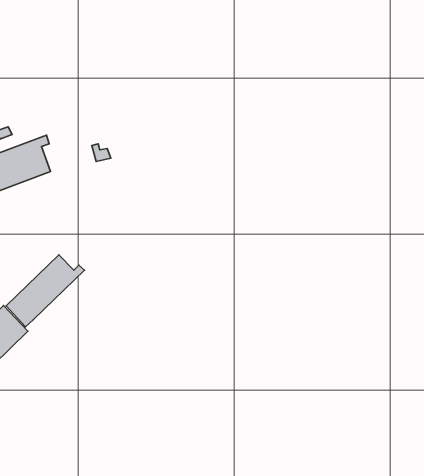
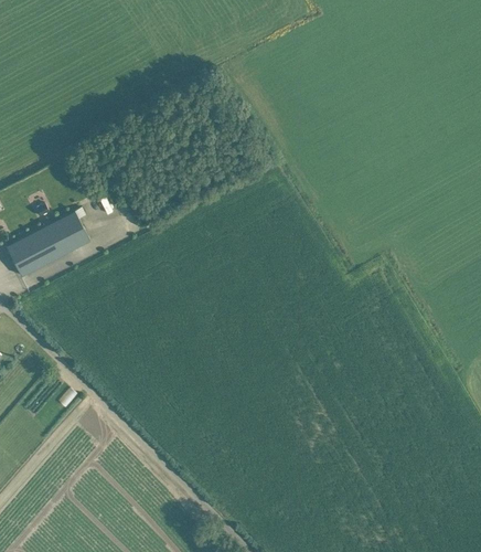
building: [6,255,84,327] -> none

